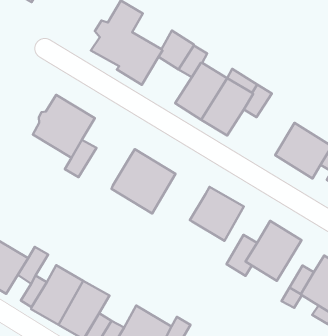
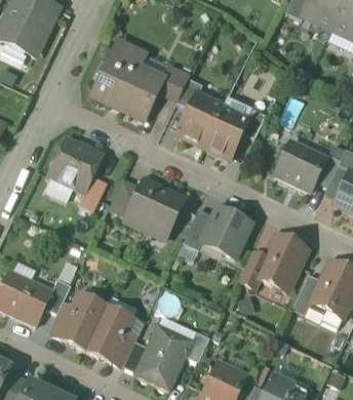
building: none -> [130,52,167,84]
building: none -> [108,177,140,215]
building: none -> [183,208,212,249]

